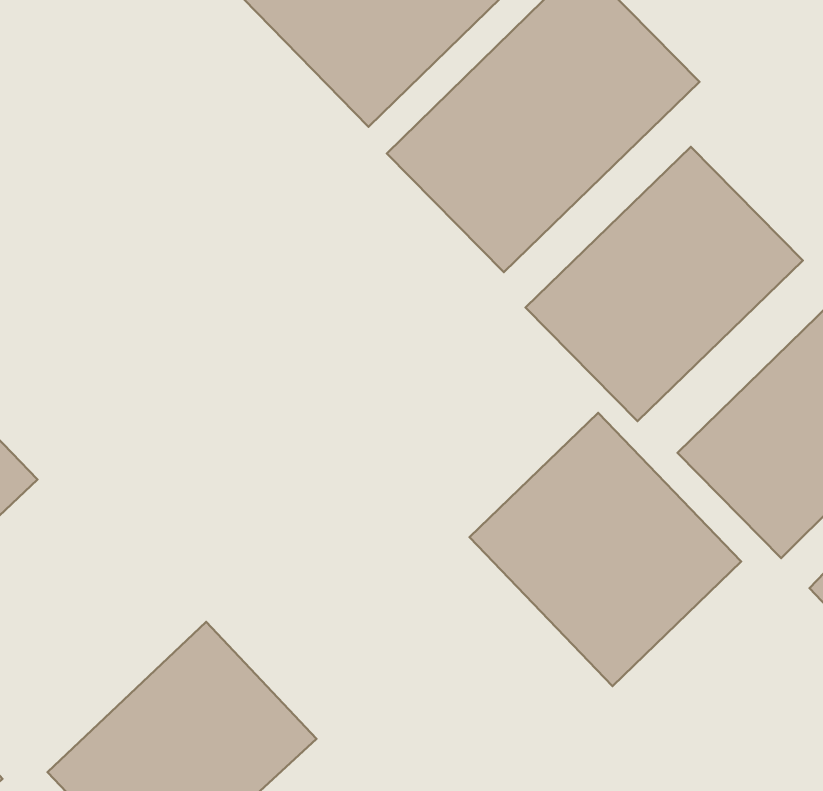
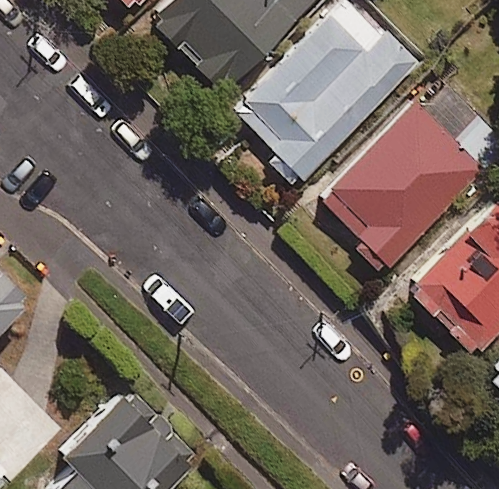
building: [470,413,741,686] -> none

